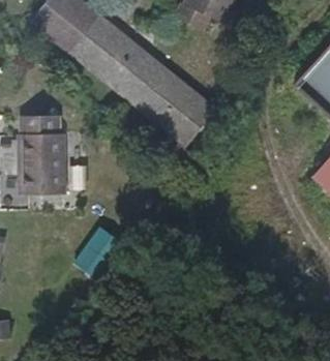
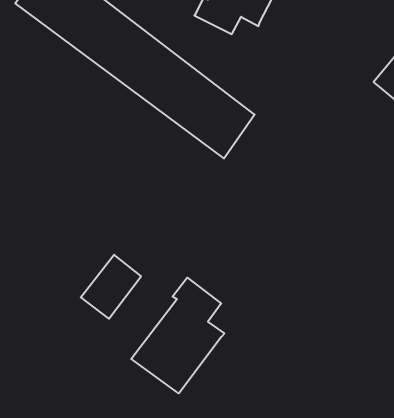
building: [21,121,68,195] -> none
building: none -> [131,278,224,393]

